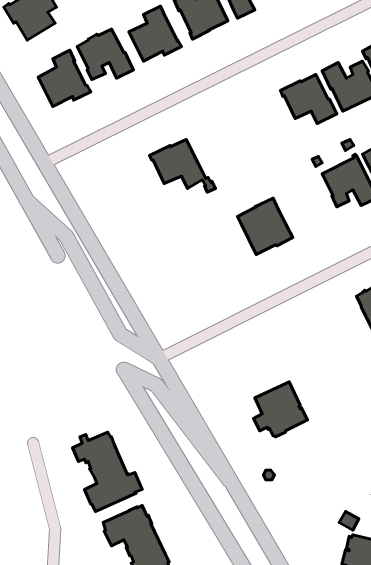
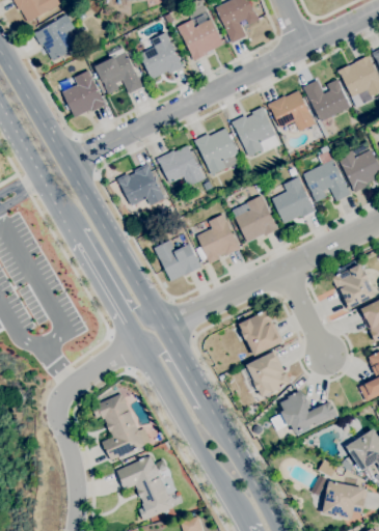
building: none -> [232,106,279,157]
building: none -> [194,128,239,174]
building: none -> [117,163,164,205]
building: none -> [272,176,316,223]
building: none -> [196,214,241,263]
building: none -> [154,240,201,281]
building: none -> [239,310,282,356]
building: none -> [271,390,337,432]

